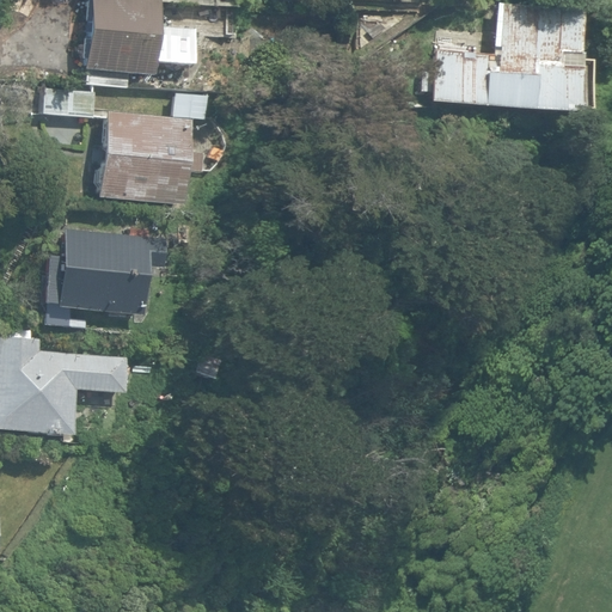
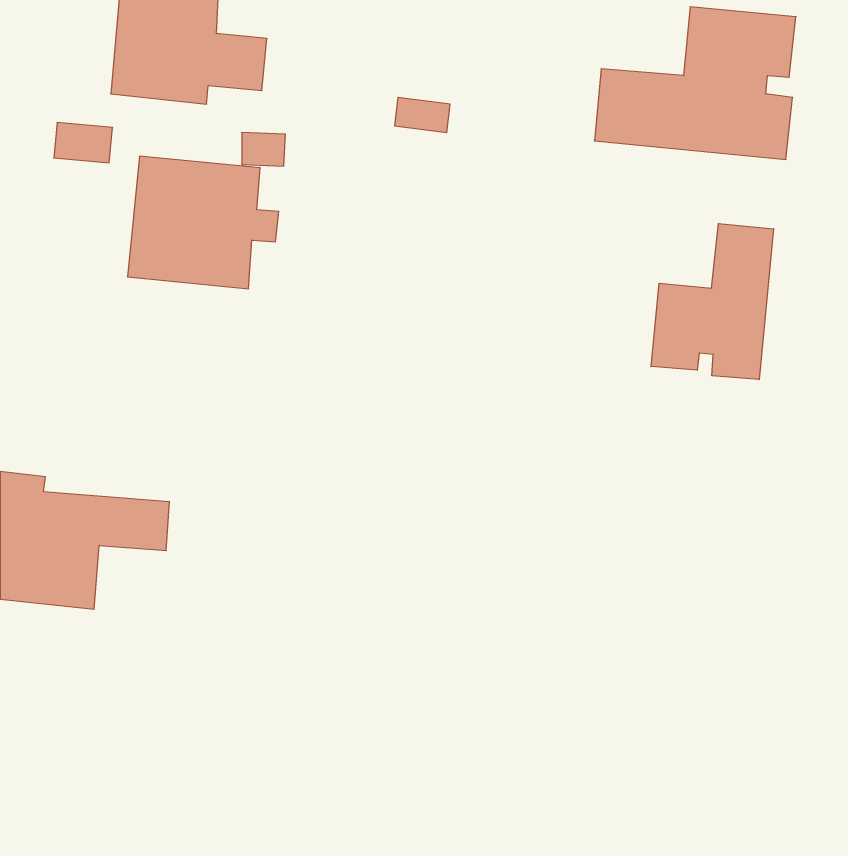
building: none -> [651,223,774,380]
building: [47,227,166,314] -> none

